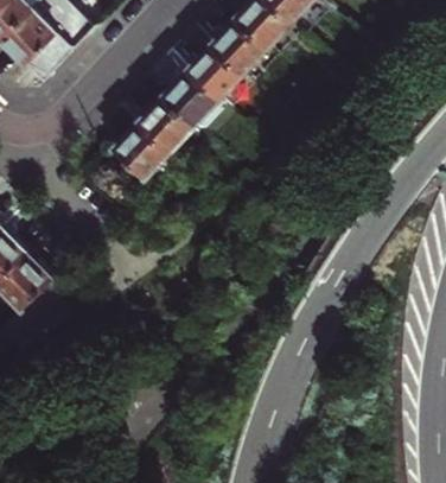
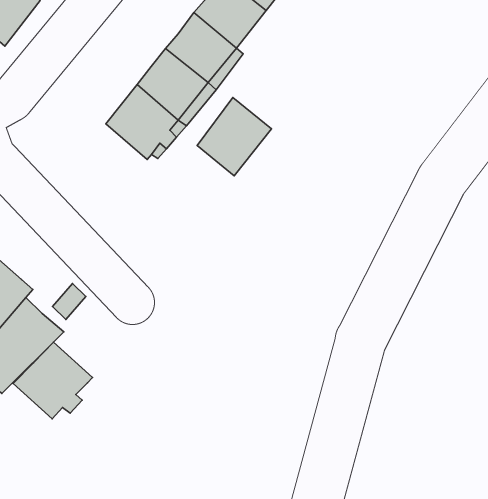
building: none -> [197,98,272,176]
building: none -> [13,342,93,419]

